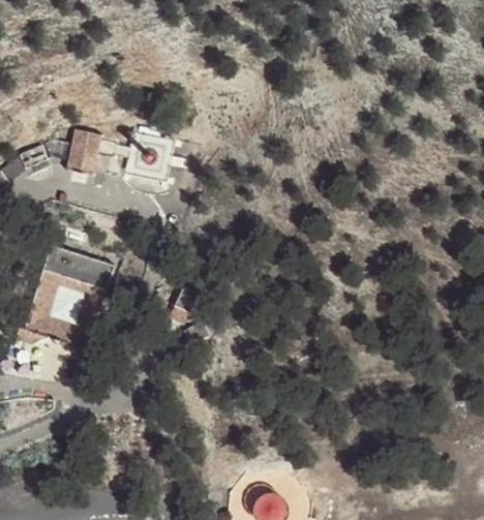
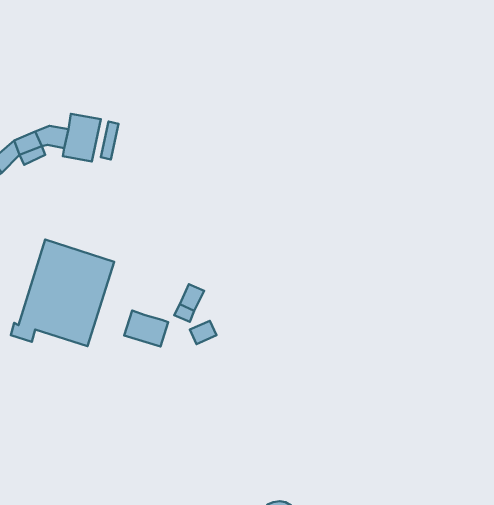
building: none -> [124,311,168,346]

